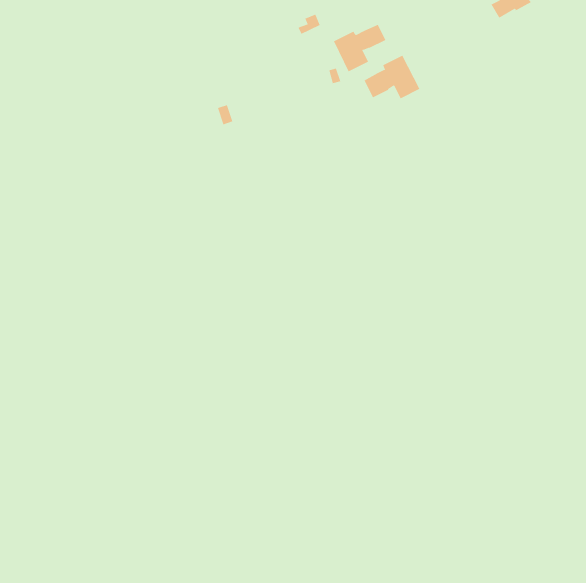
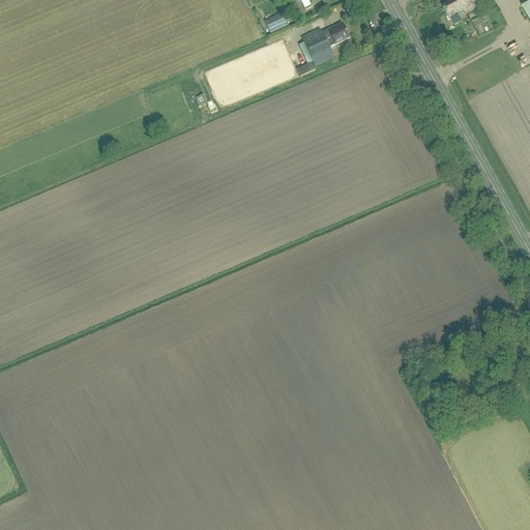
building: [364,55,420,99] -> none

